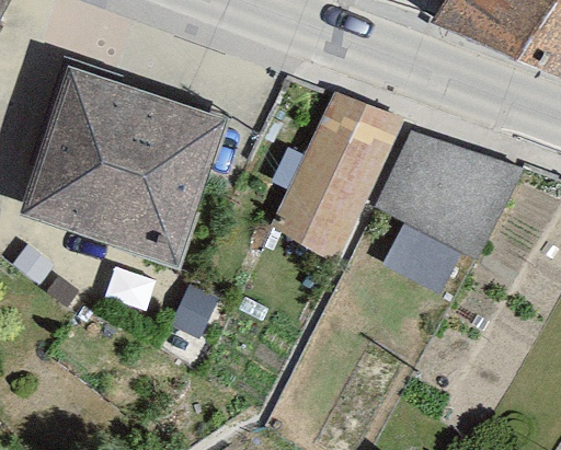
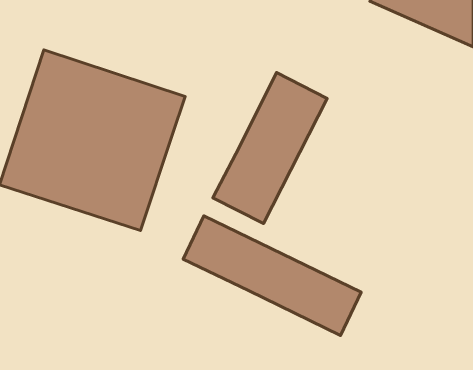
building: [373,127,516,262] -> none
building: none -> [183,216,361,335]

